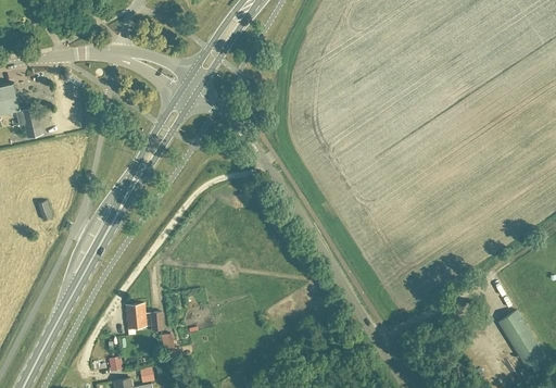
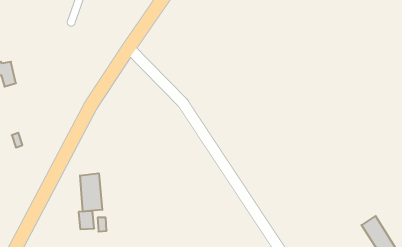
building: none -> [80,173,102,212]

